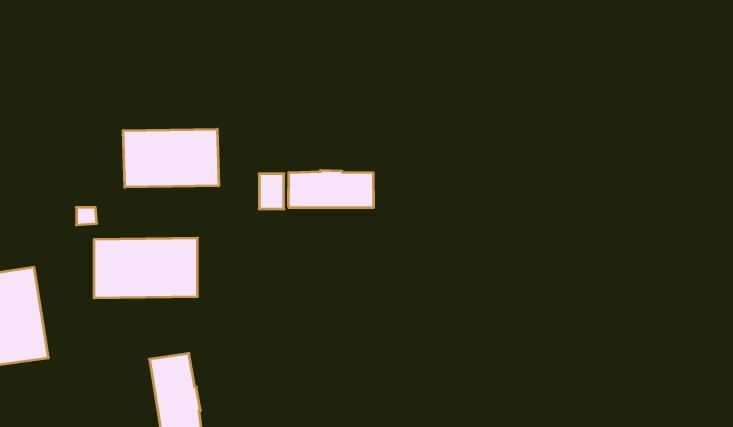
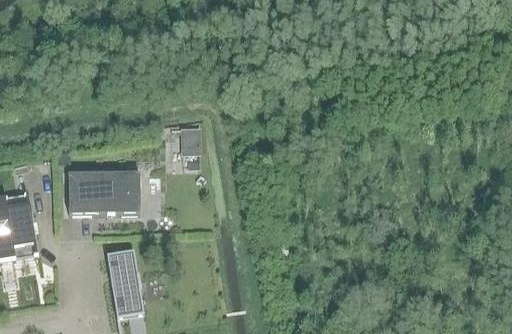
building: [123,129,219,187] -> none
building: [289,170,373,208] -> none

